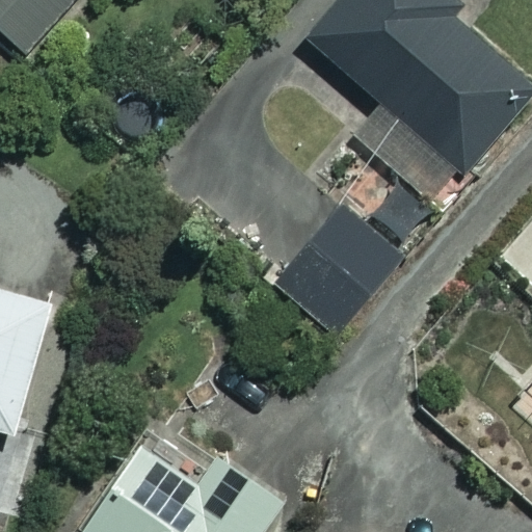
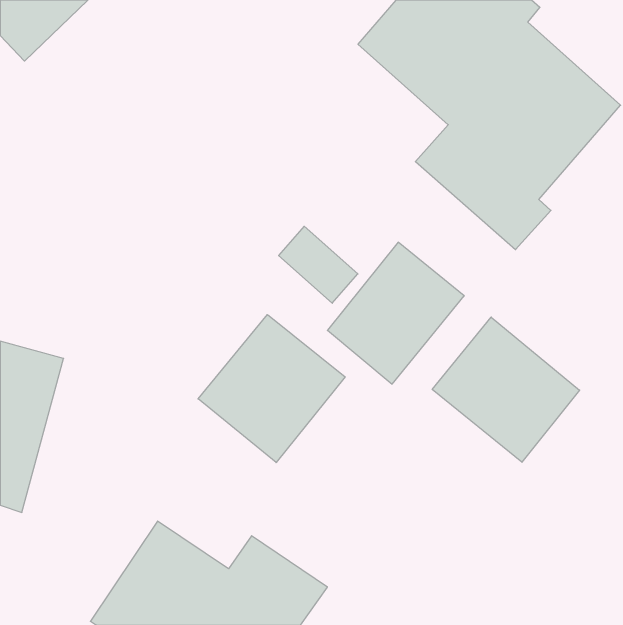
building: none -> [198,315,345,463]
building: none -> [432,317,580,462]

